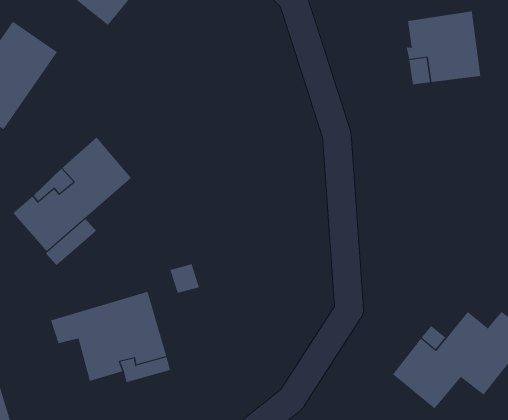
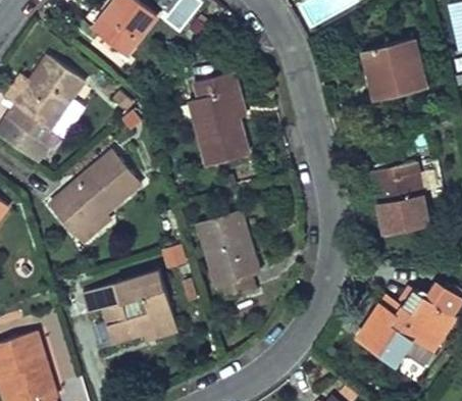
building: none -> [186,72,245,165]
building: none -> [364,166,427,237]
building: none -> [193,211,257,304]

